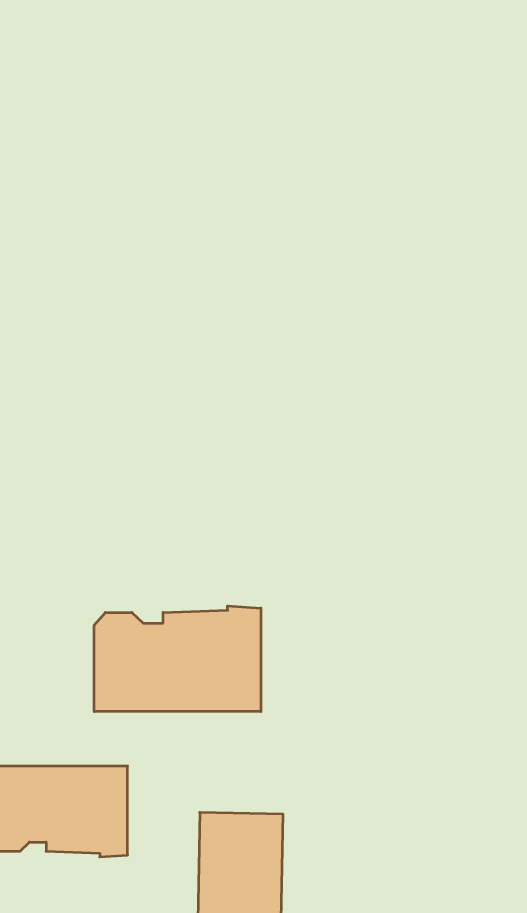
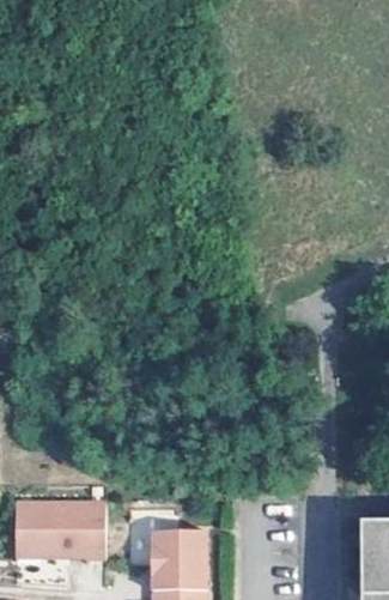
building: [94,606,261,712] -> none

